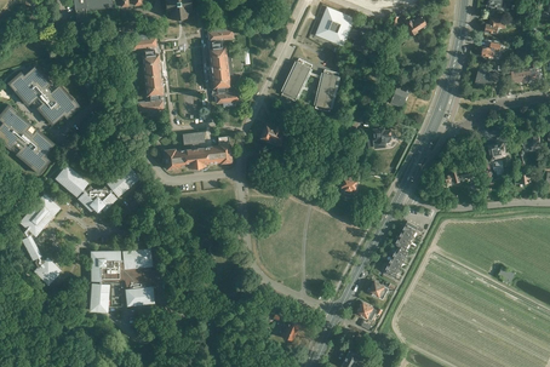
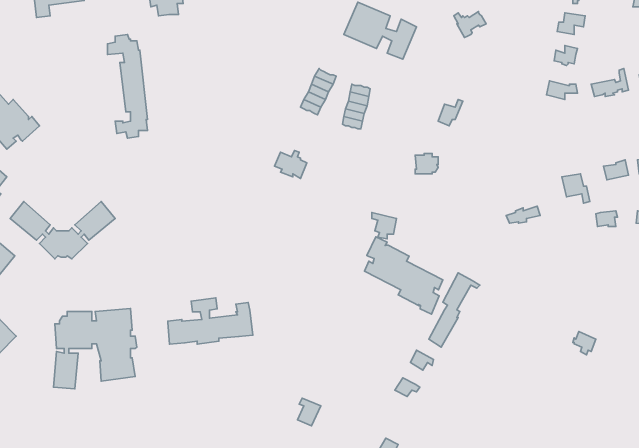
building: [207,27,240,107] -> none
building: [165,132,231,168] -> [168,298,253,344]
building: none -> [364,237,443,314]

